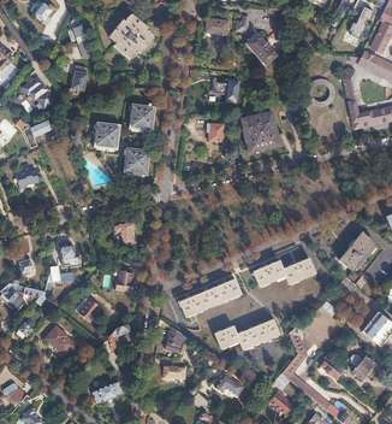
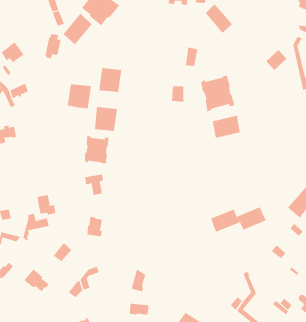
building: none -> [63,13,92,45]
building: none -> [212,115,240,139]
building: none -> [84,135,109,164]
building: [178,277,240,317] -> none
building: [214,318,279,349] -> none

